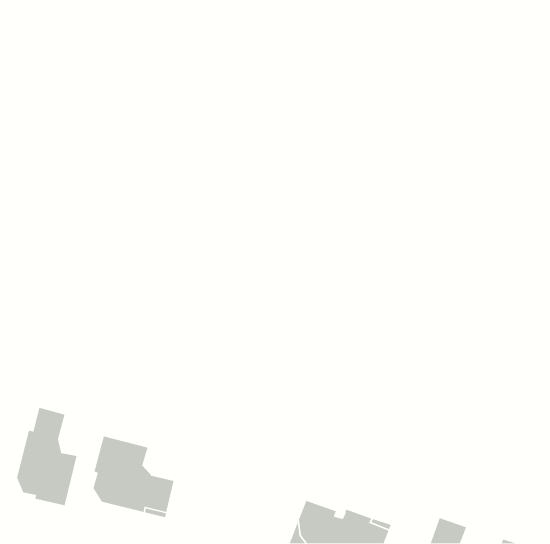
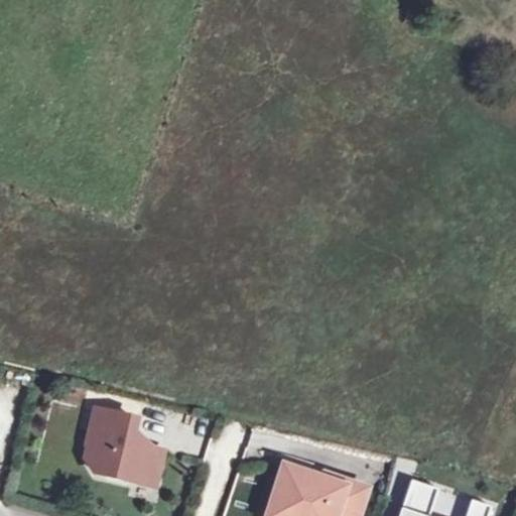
building: [16,407,77,506] -> none

